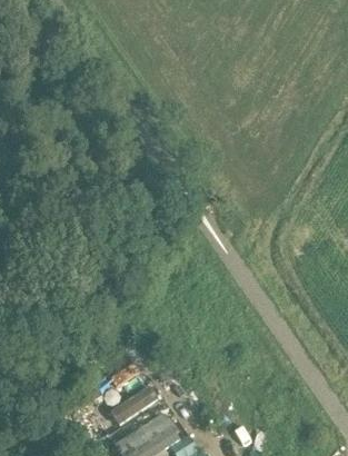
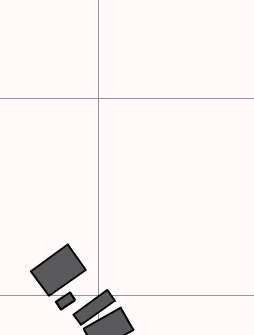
building: none -> [31,244,86,296]

